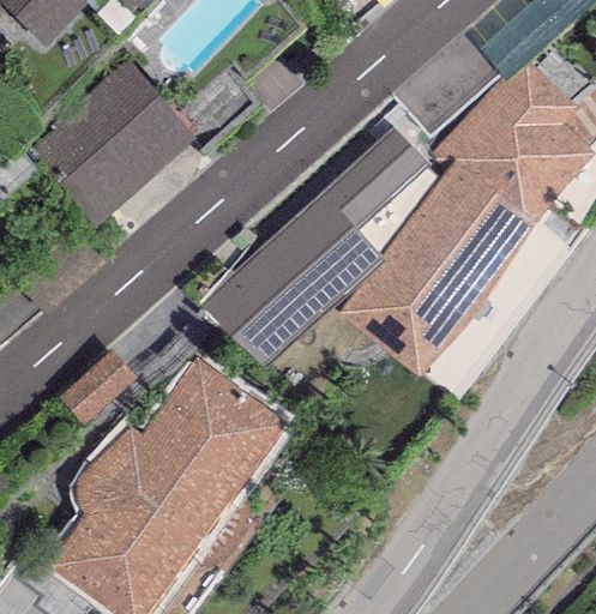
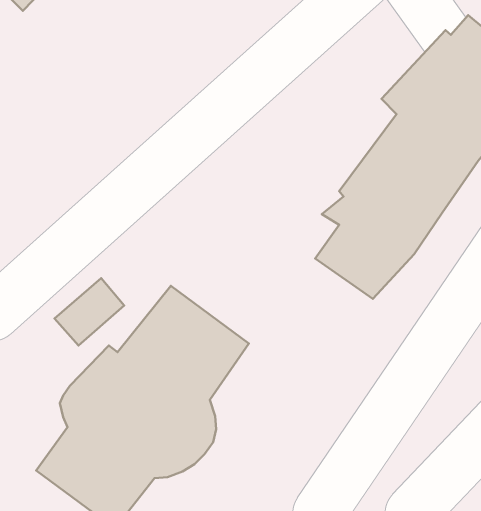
building: [19,56,197,229] -> none
building: [204,118,434,369] -> none

